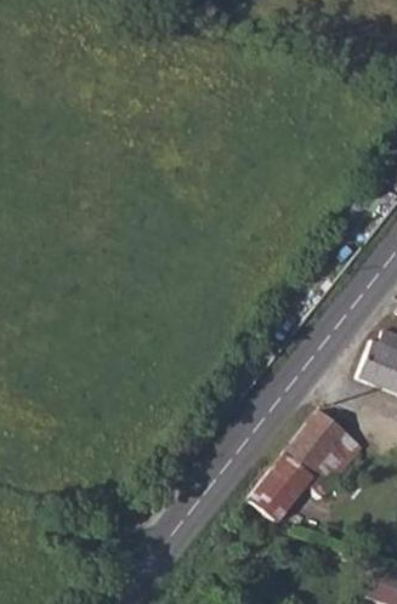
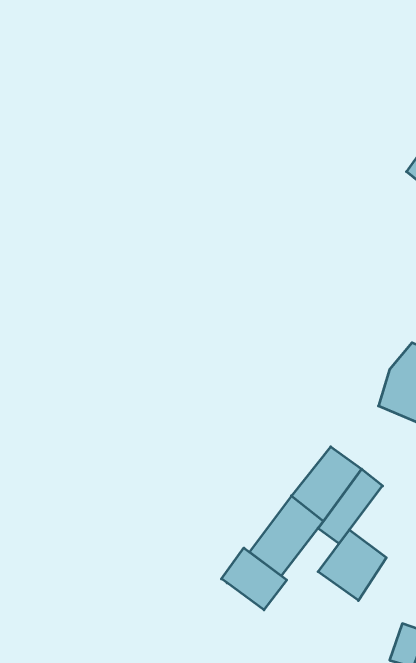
building: none -> [318,530,386,601]
building: none -> [221,548,287,610]

